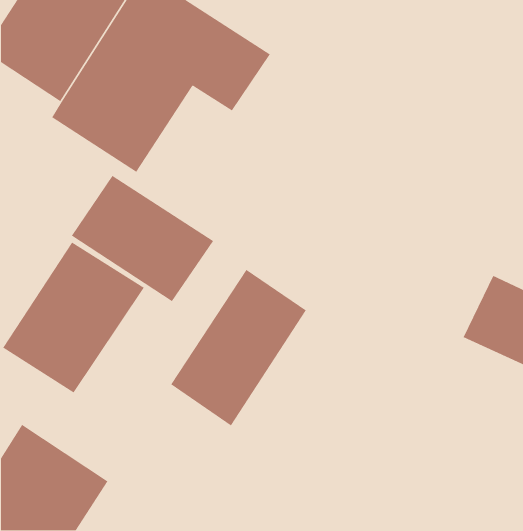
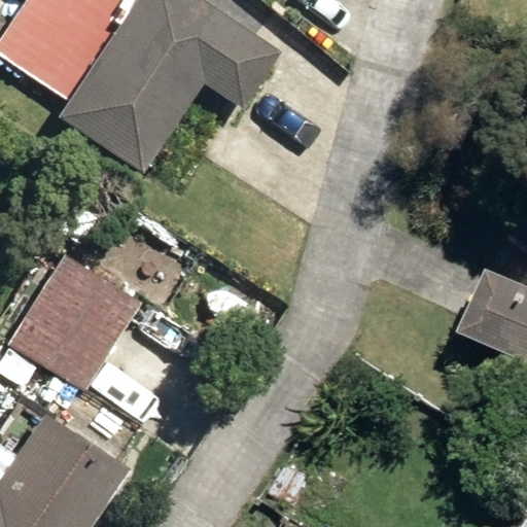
building: [71,175,214,302] -> none
building: [170,269,307,427] -> none

